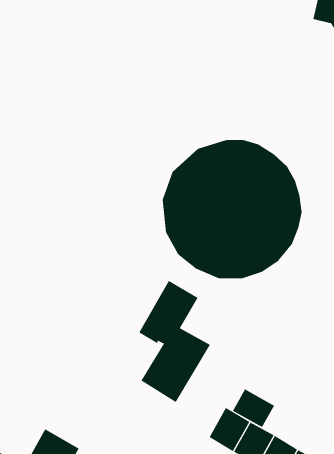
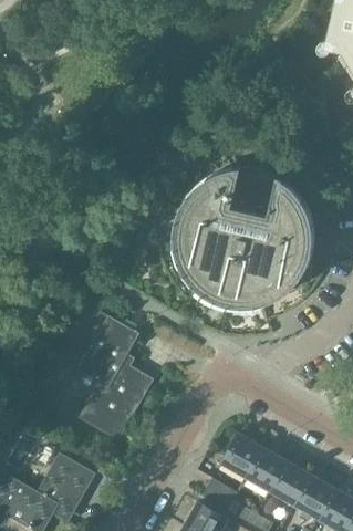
building: [138,280,211,403] -> [79,317,150,439]
building: [232,389,275,428] -> none

